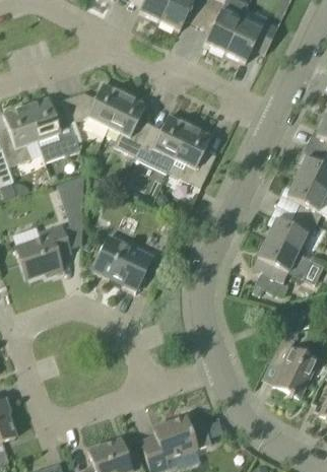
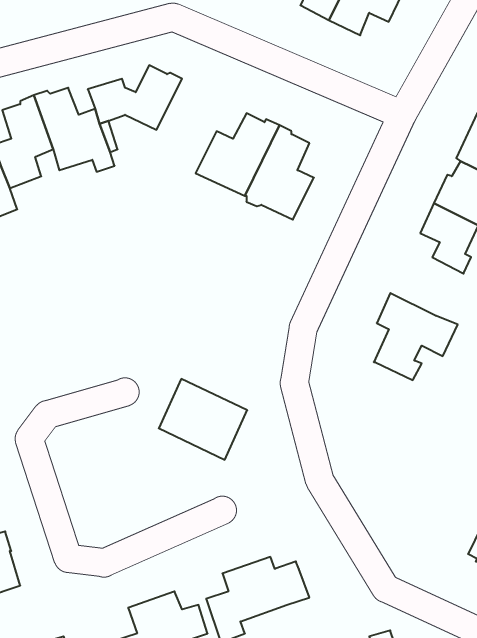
building: [108,91,148,155] -> none
building: [56,175,83,224] -> none
building: [266,212,316,252] -> none
building: [14,224,70,277] -> none
building: [92,234,152,289] -> [159,379,247,460]
building: [271,333,317,397] -> none

